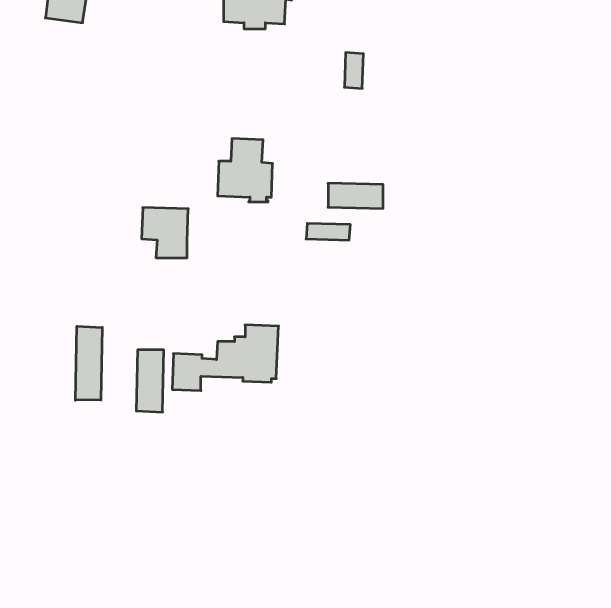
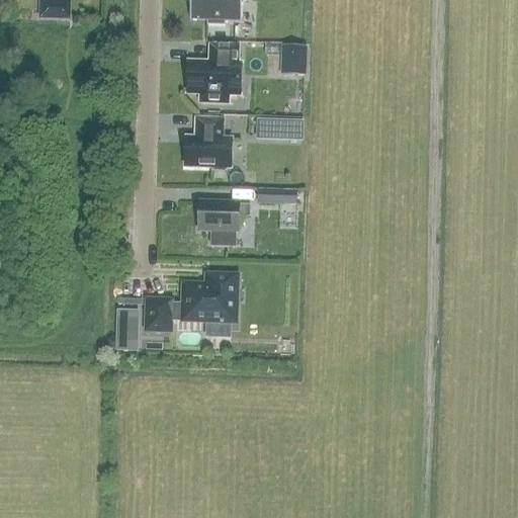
building: none -> [187,45,241,101]
building: [328,183,383,208] -> [256,116,303,138]
building: [142,208,188,258] -> [198,202,238,245]
building: [75,326,102,400] -> none

